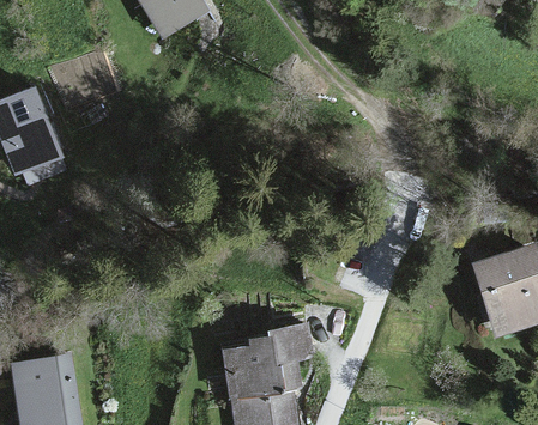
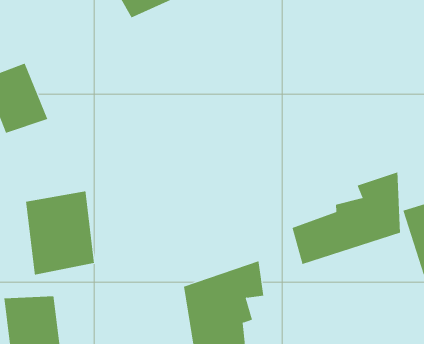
building: none -> [292,172,400,265]
building: none -> [25,190,95,275]

